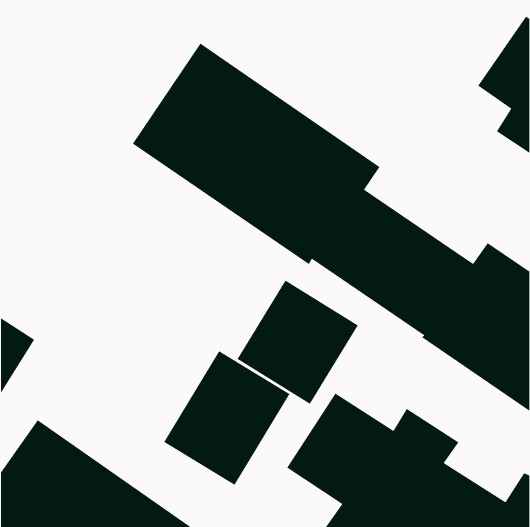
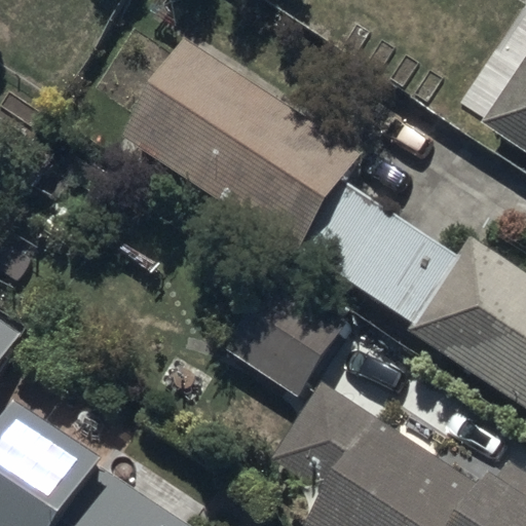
building: [163,350,291,486] -> none

